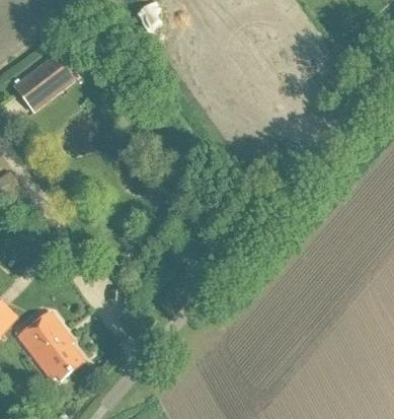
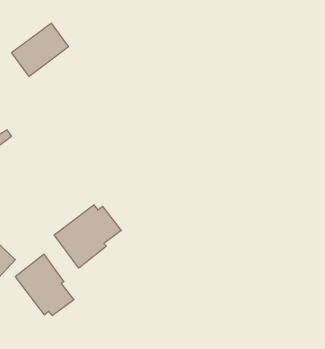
building: none -> [54,205,121,268]

